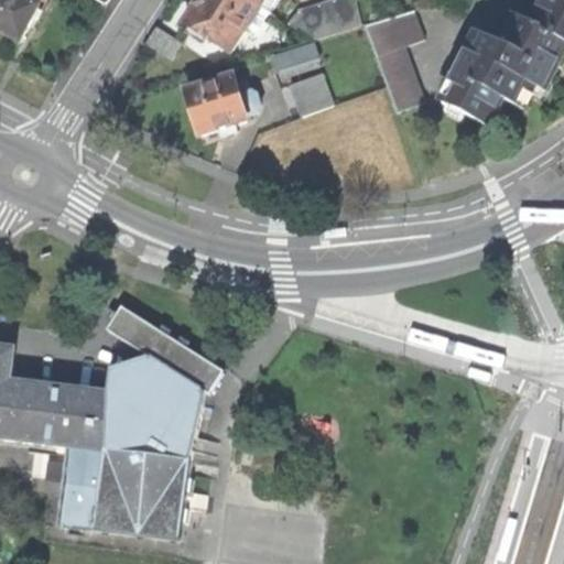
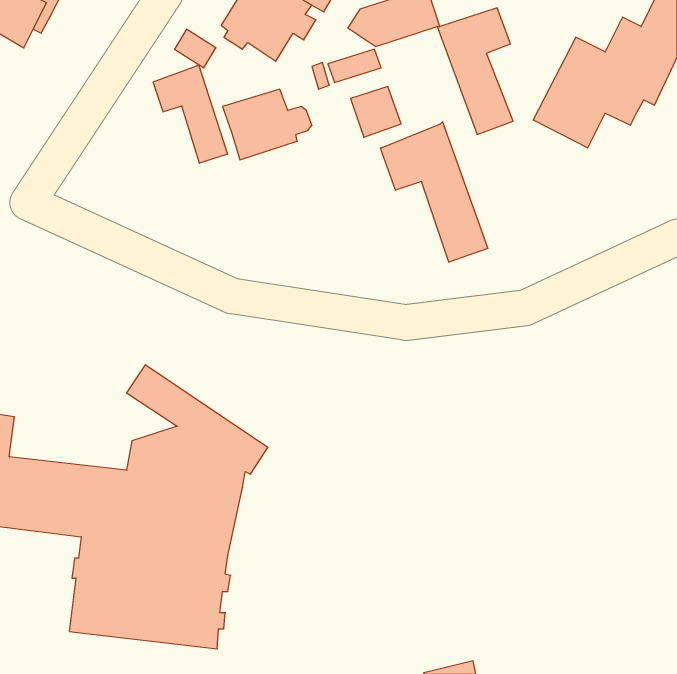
building: none -> [153,64,228,163]
building: none -> [380,122,488,262]

